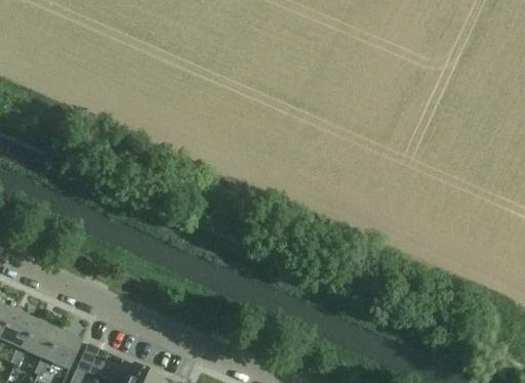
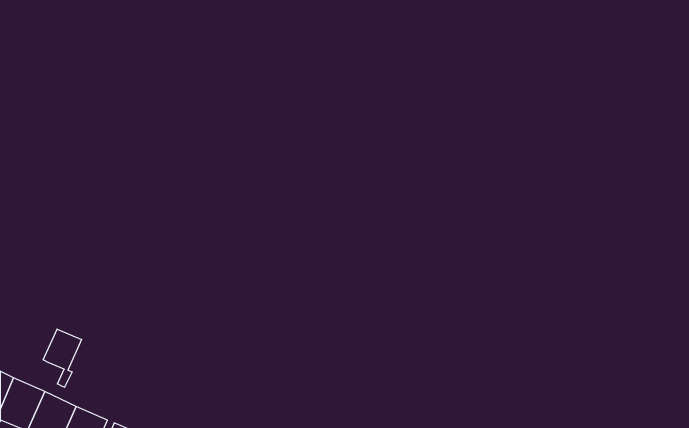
building: none -> [43,329,82,387]

